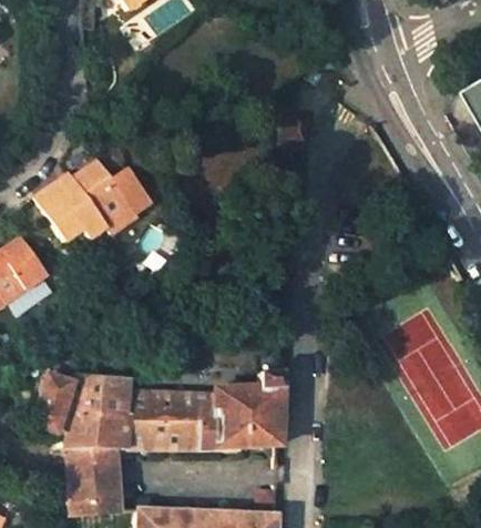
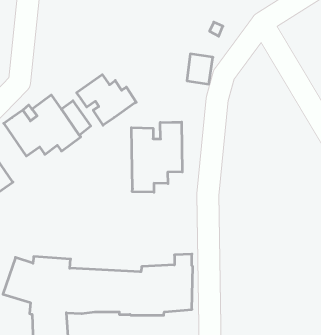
building: none -> [77,75,136,125]
building: none -> [131,122,182,192]

